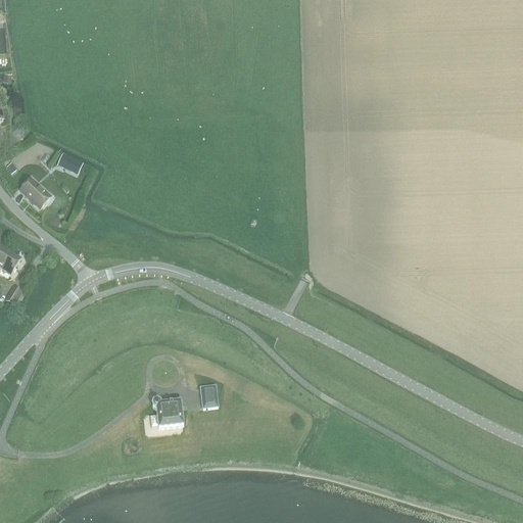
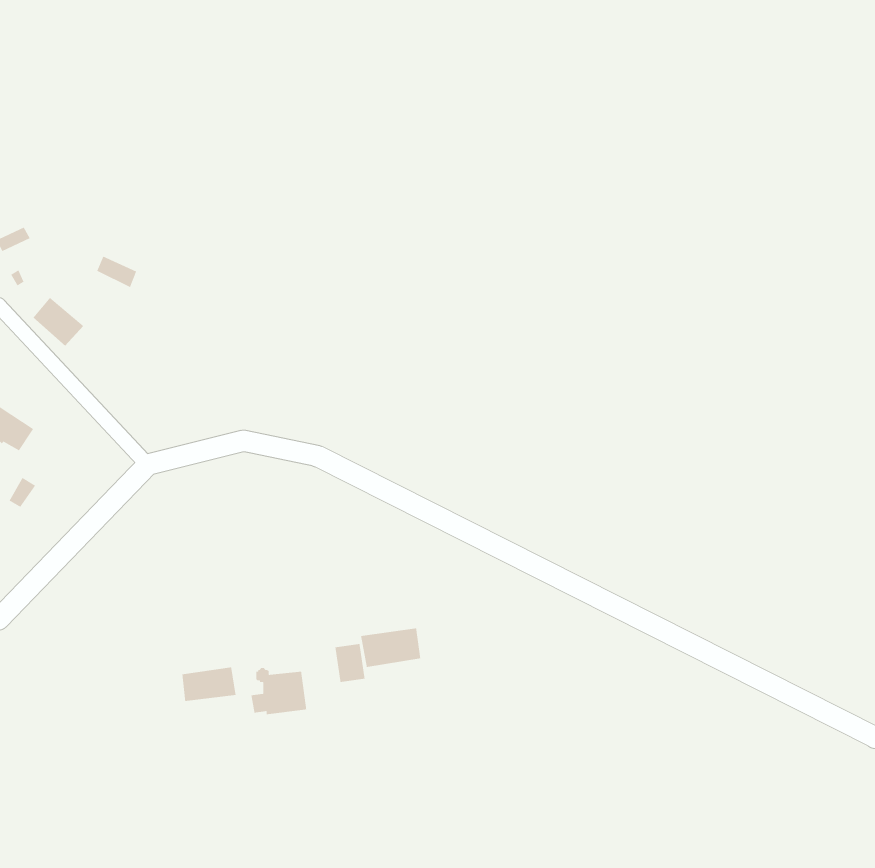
building: none -> [360,628,421,668]
building: none -> [181,666,237,702]

